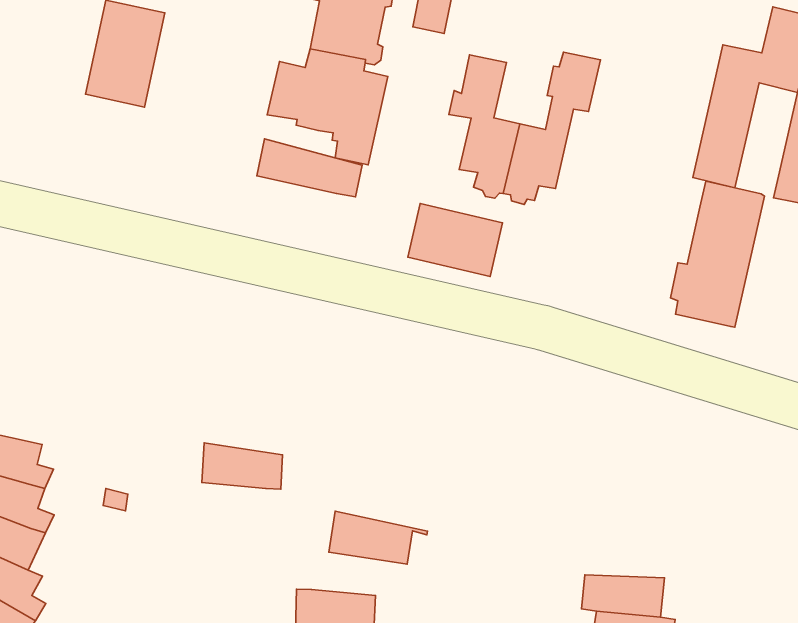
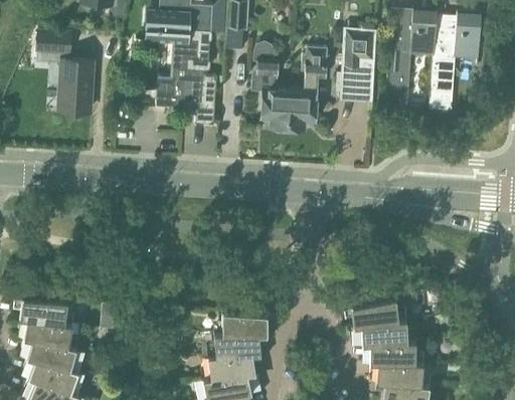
building: [257,139,362,197] -> none
building: [671,181,765,327] -> [336,27,377,102]
building: [408,204,503,277] -> none
building: [202,443,282,489] -> [216,332,261,353]
building: none -> [343,296,403,324]

